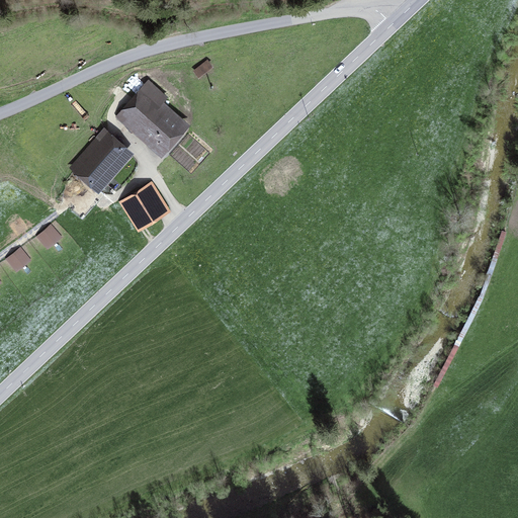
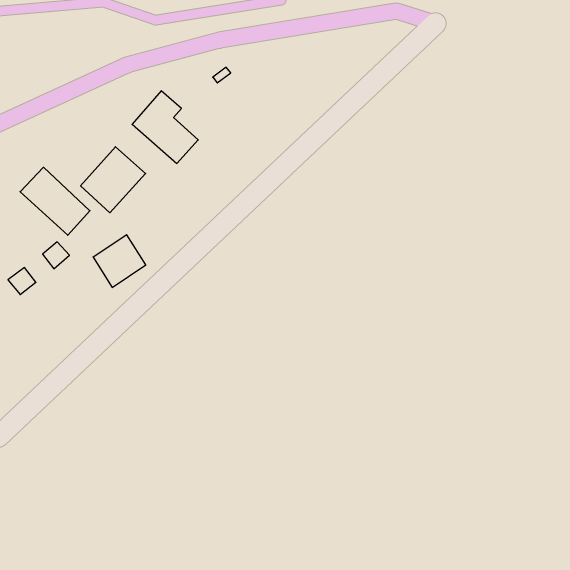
building: none -> [20,167,90,235]
building: [117,184,165,232] -> [93,235,146,287]

